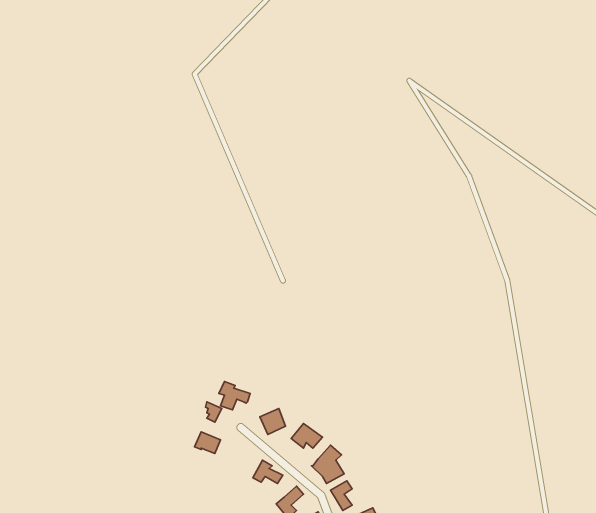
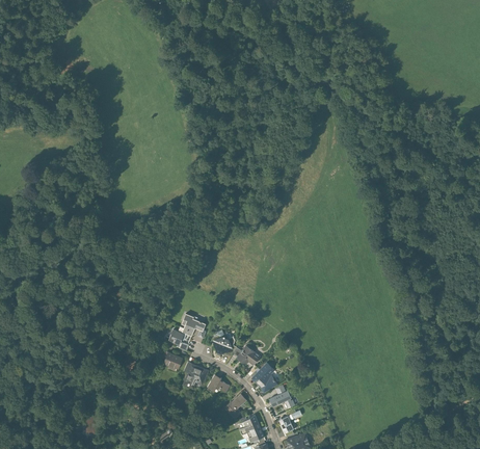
building: none -> [183,361,208,388]

